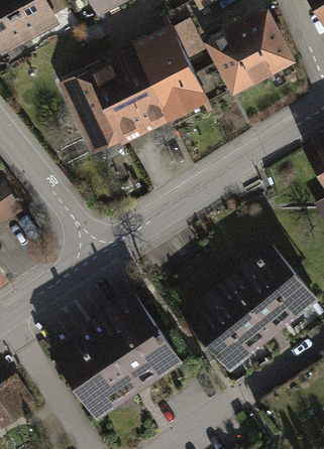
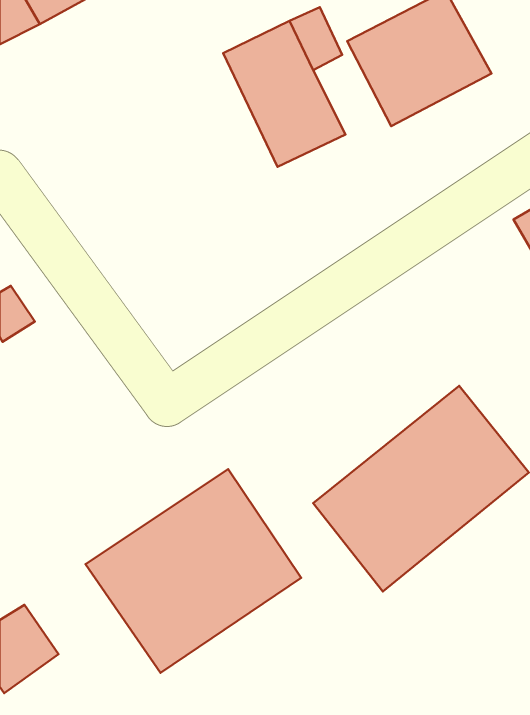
building: [63,50,166,152] -> none

